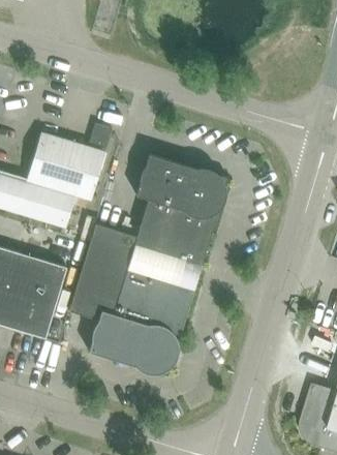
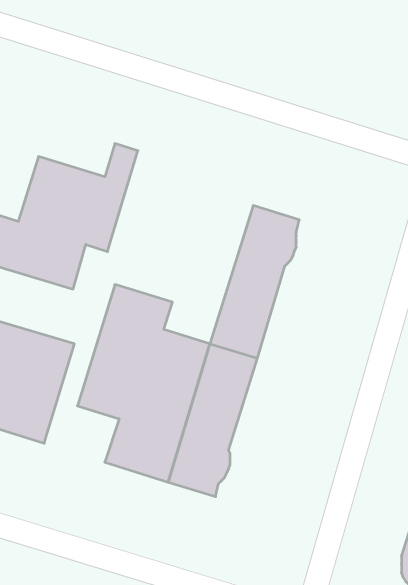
building: [130,154,194,267] -> none

